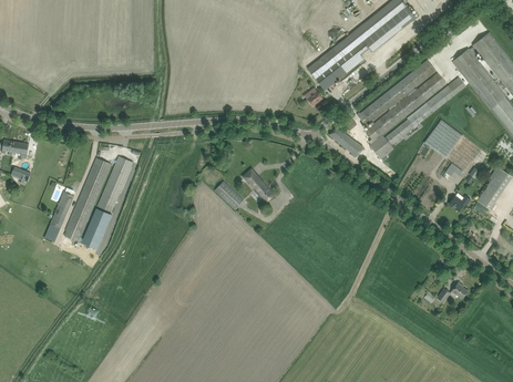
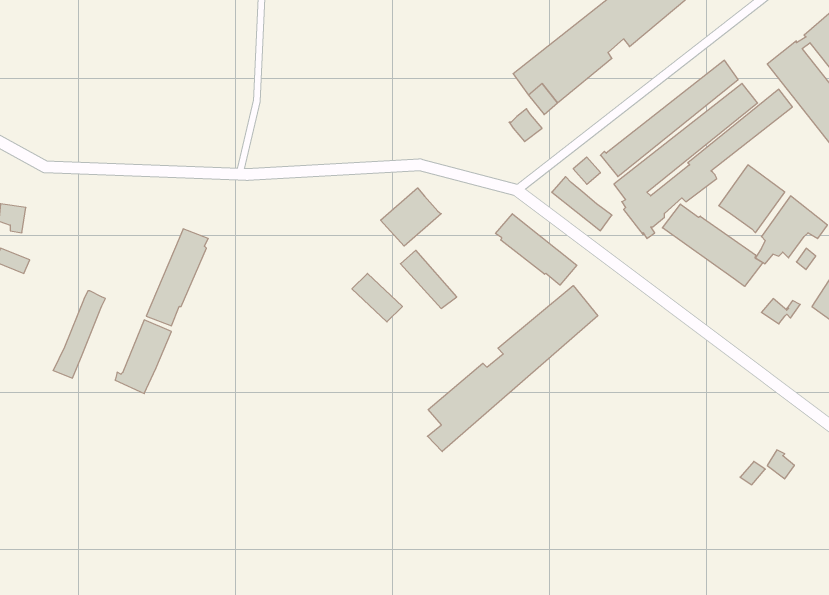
building: none -> [381,188,441,246]
building: none -> [662,204,763,286]
building: none -> [496,214,577,285]
building: [65,157,112,244] -> none
building: none -> [427,286,598,452]

